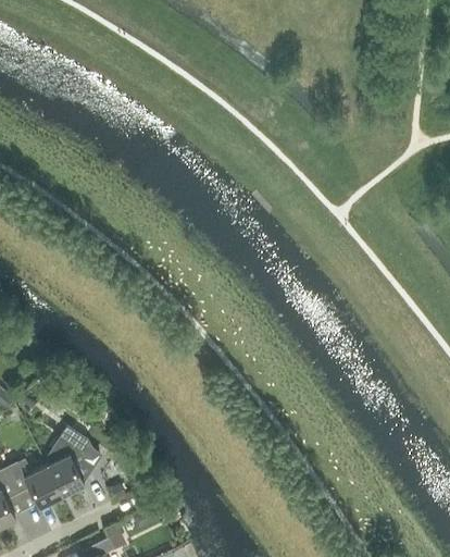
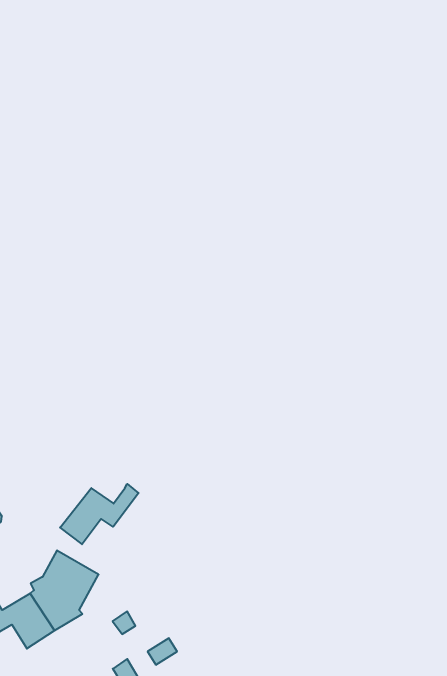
building: none -> [60,484,139,544]

